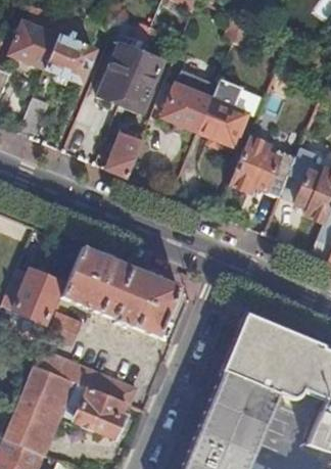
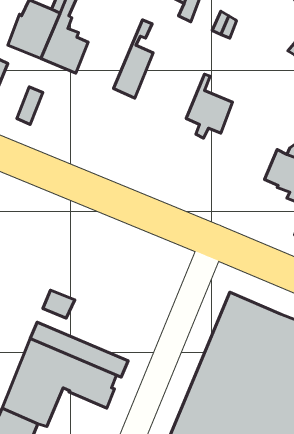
building: [100,24,151,100] -> none
building: [161,71,217,138] -> none
building: [107,134,143,177] -> none
building: [229,138,295,196] -> none
building: [60,247,178,337] -> none
building: [13,269,60,322] -> none

